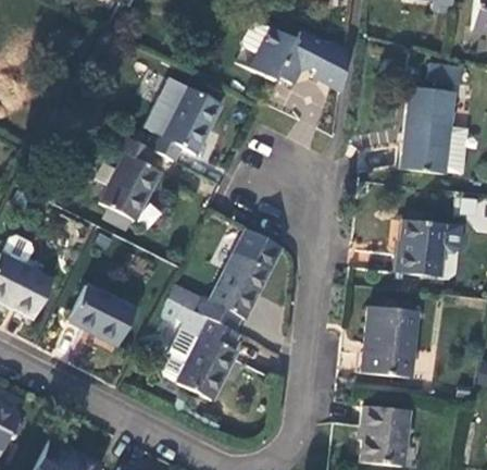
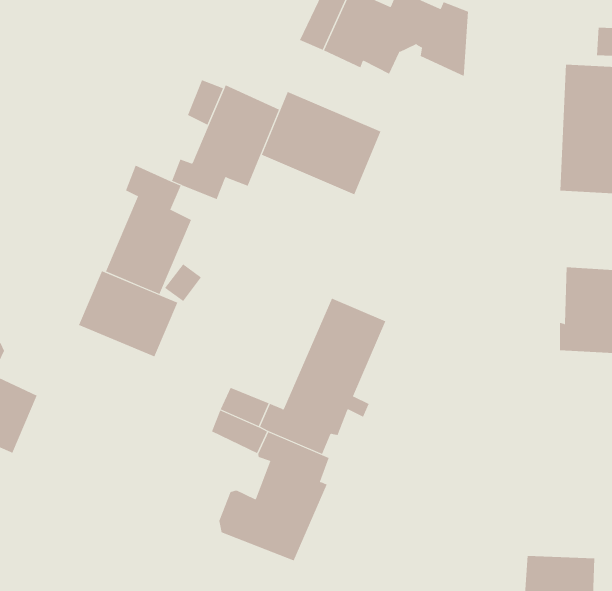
building: none -> [261,91,381,195]
building: [70,285,136,344] -> [78,271,178,357]
building: [360,306,419,378] -> none

